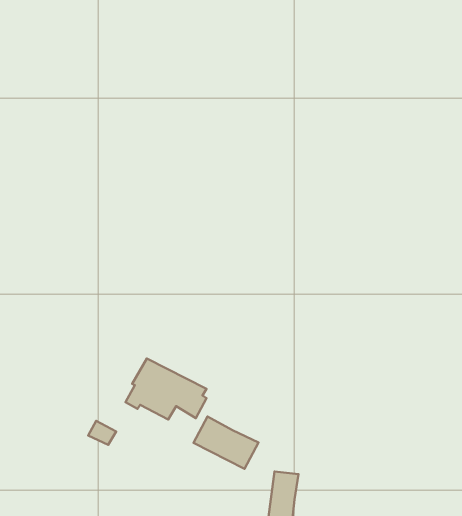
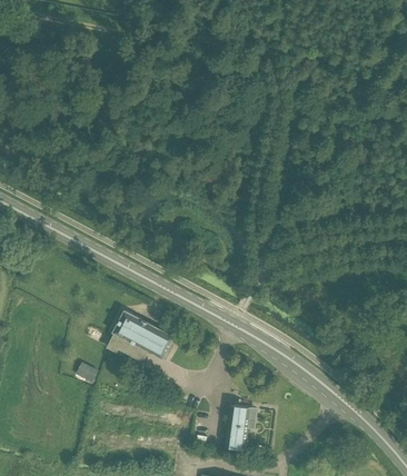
building: [194,417,258,469] -> none

